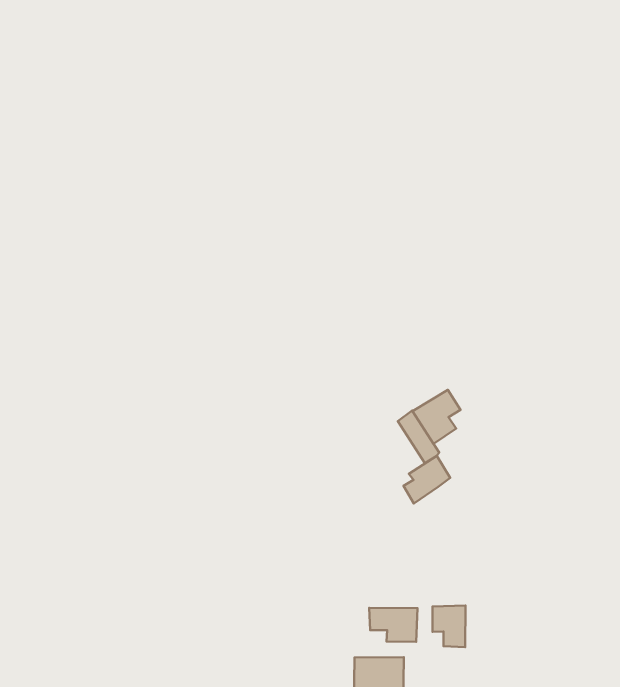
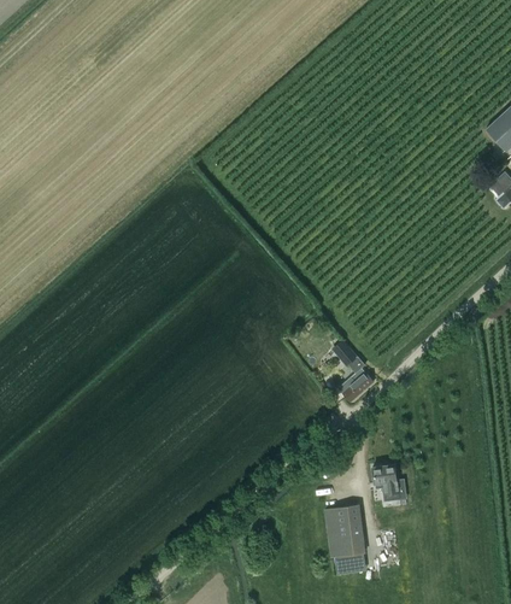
building: [413,390,460,444] -> none
building: [369,608,418,642] -> none

